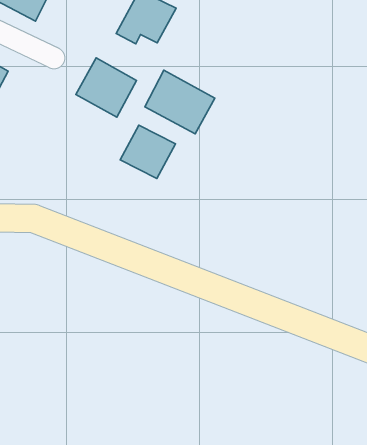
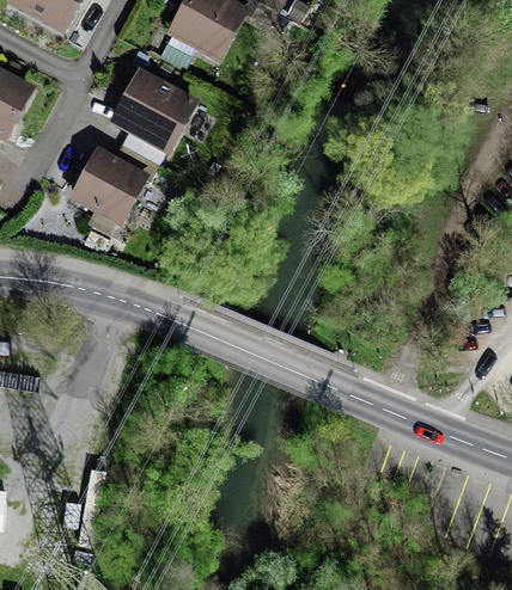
building: [145,70,215,134] -> none
building: [120,125,176,179] -> [74,153,145,221]

